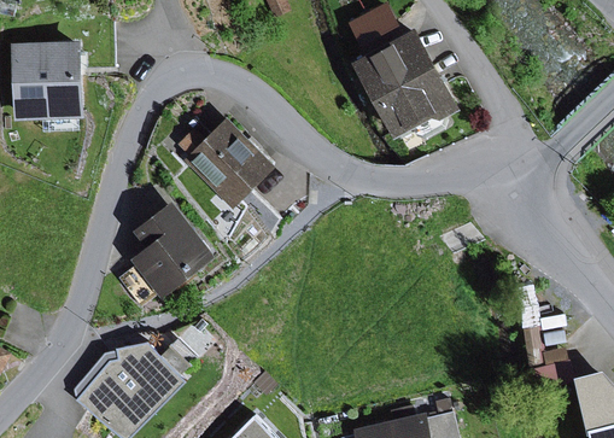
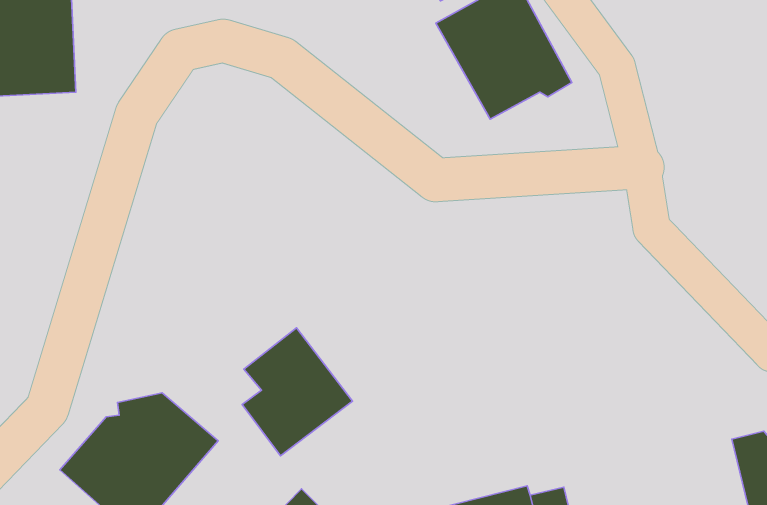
building: [171,117,274,209] -> none
building: [130,200,214,297] -> [242,328,353,456]

